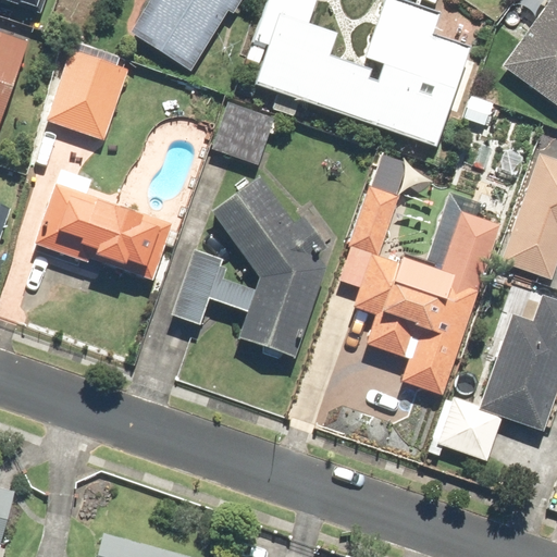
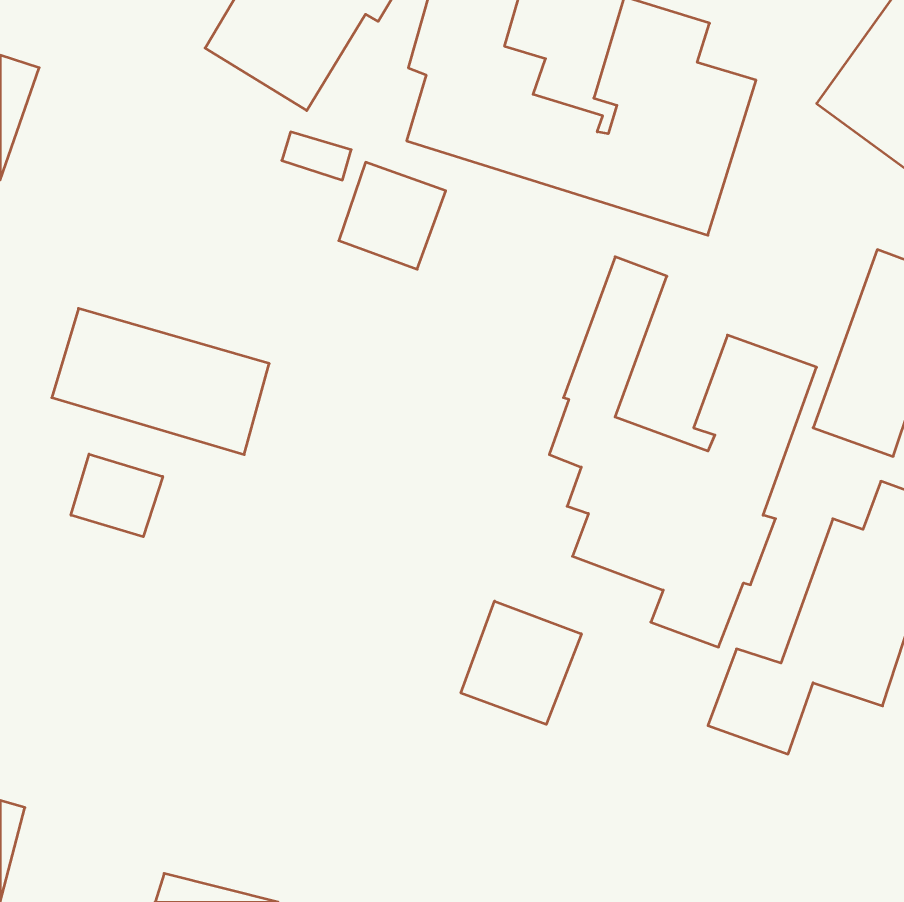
building: [47,44,133,140] -> none
building: [175,177,325,356] -> none
building: none -> [71,454,163,537]
building: none -> [461,601,581,724]

